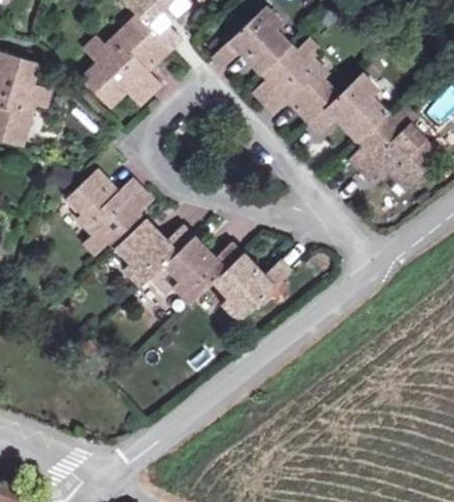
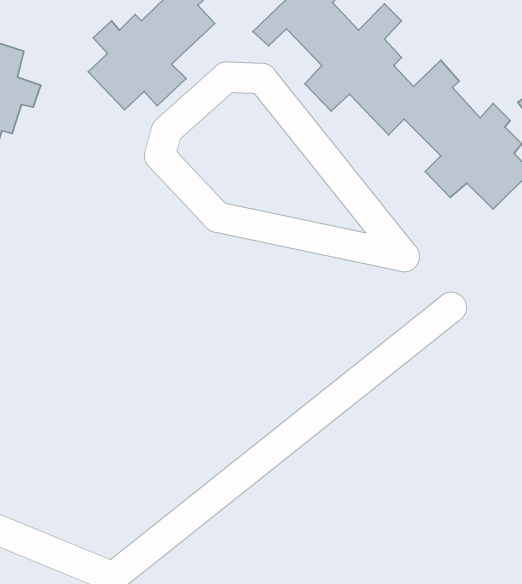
building: [71,179,294,323] -> none

